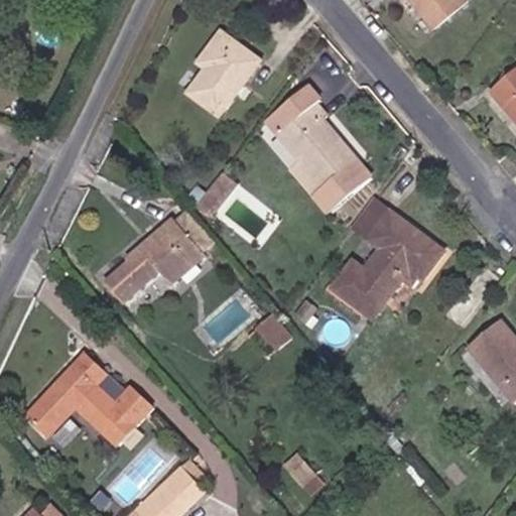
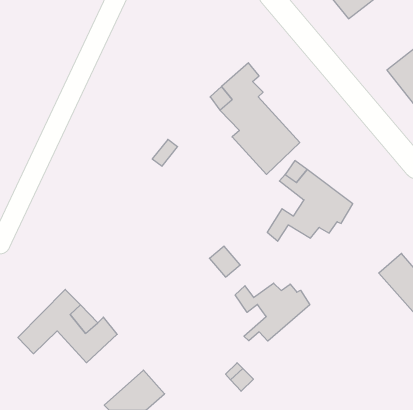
building: [185,35,252,117] -> none
building: [105,222,200,306] -> none
building: [348,278,388,317] -> none
building: none -> [235,283,310,341]

